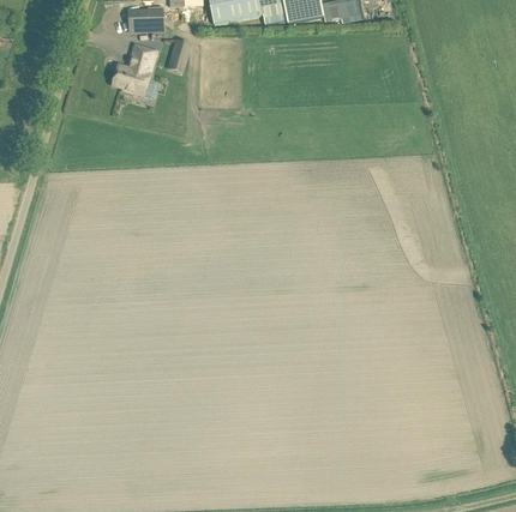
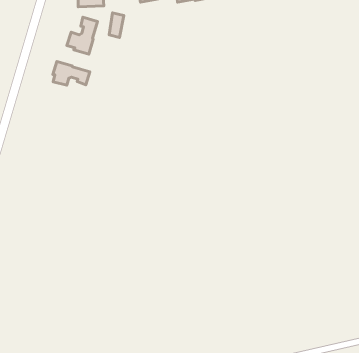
building: none -> [53,61,90,85]

